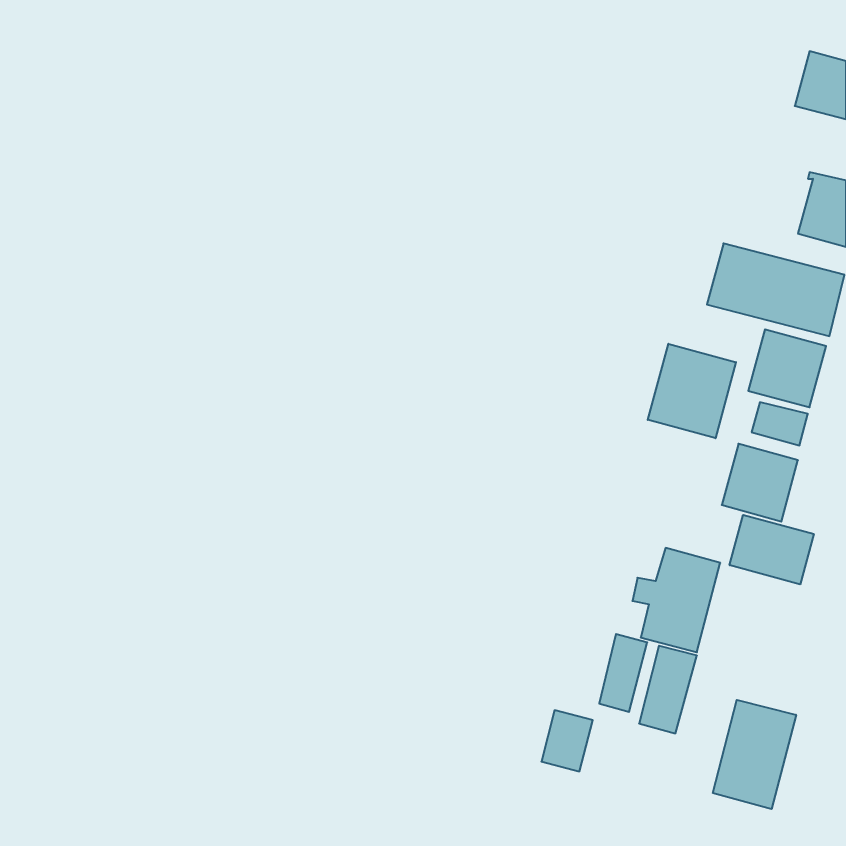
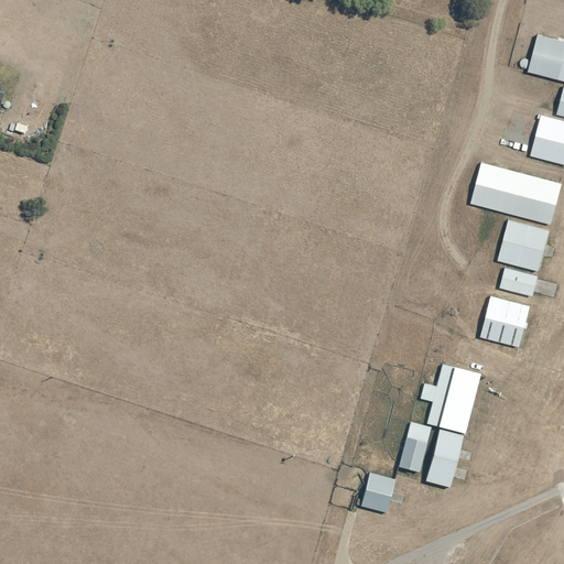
building: [648,344,736,438] -> none
building: [730,515,814,584] -> none
building: [713,700,796,809] -> none

